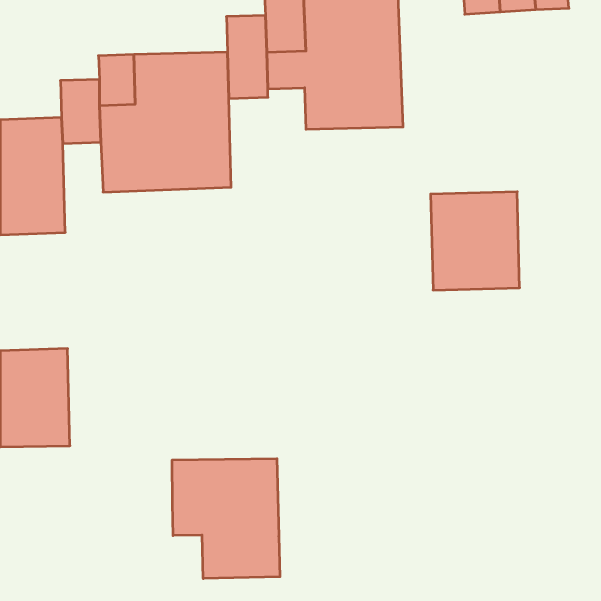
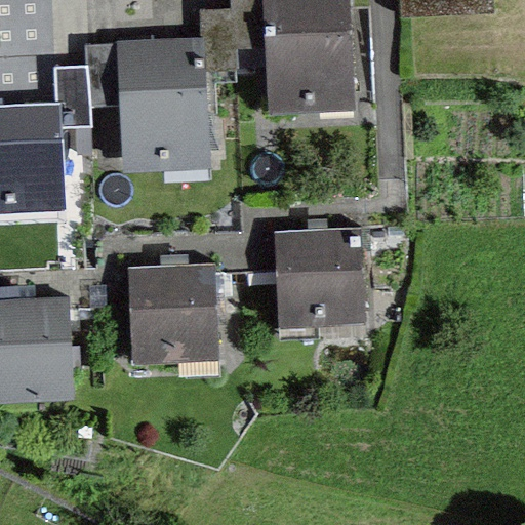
building: [431,192,520,290] -> [283,230,360,315]
building: none -> [136,268,213,353]
building: [172,459,280,579] -> none

